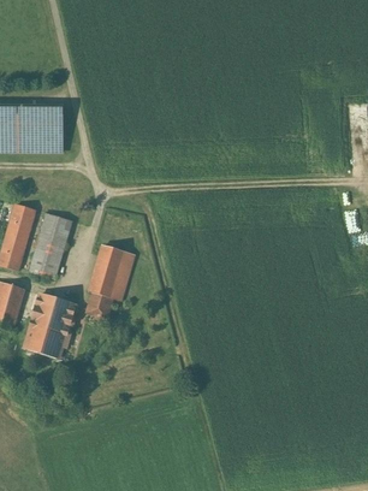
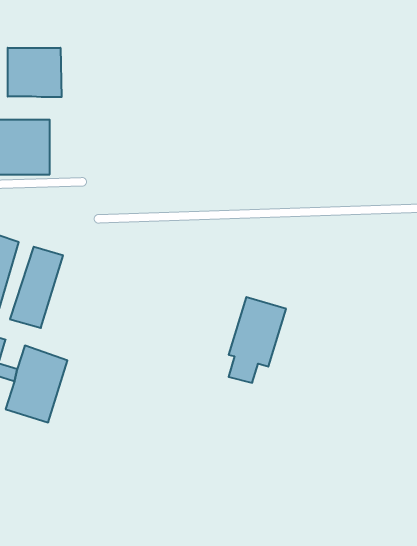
building: none -> [8,48,62,97]
building: [89,243,136,313] -> [229,297,286,383]

